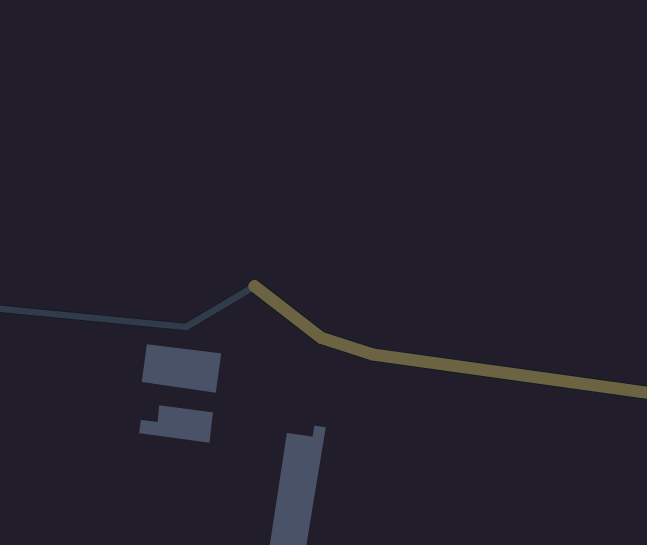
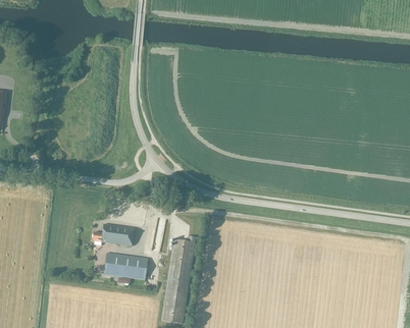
building: [141,344,222,393] -> [103,253,148,280]

